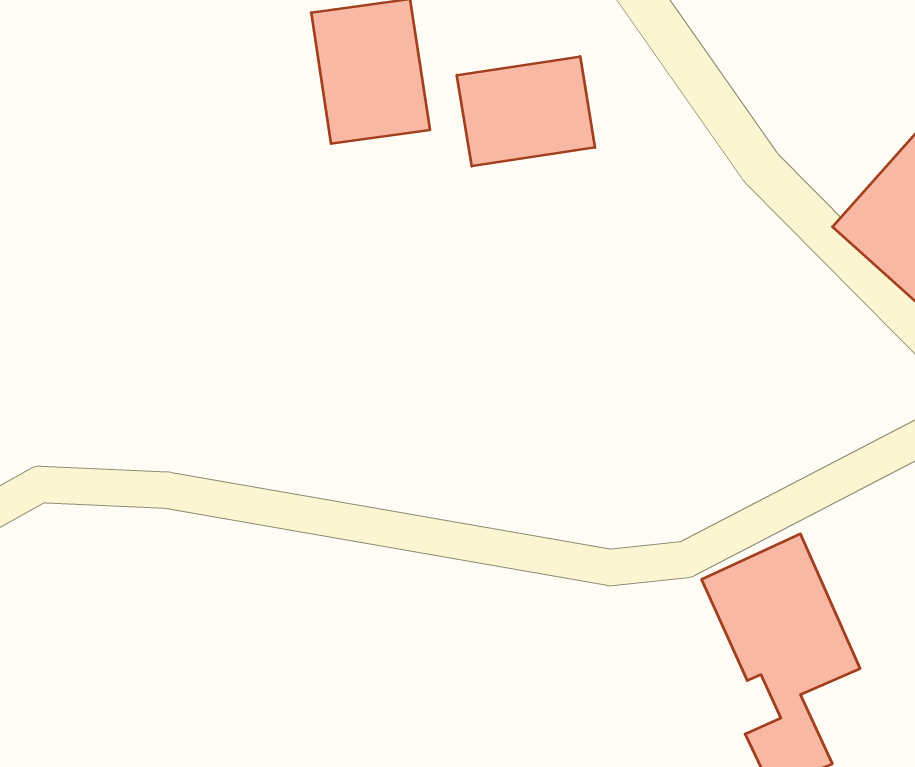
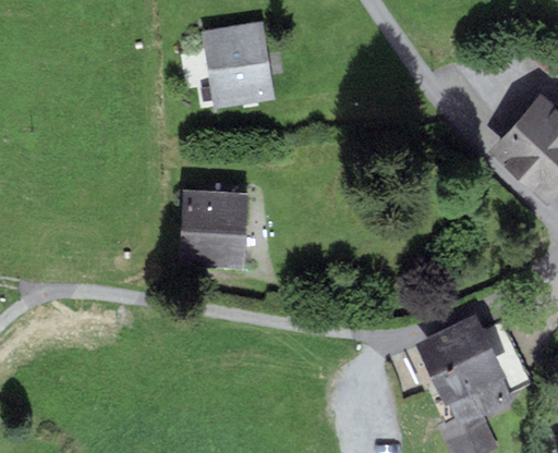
building: [457,56,595,166] -> none
building: none -> [183,192,243,261]

